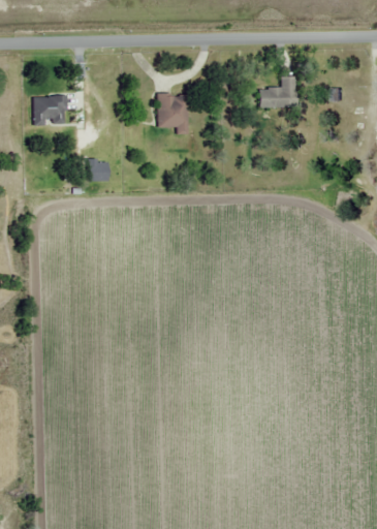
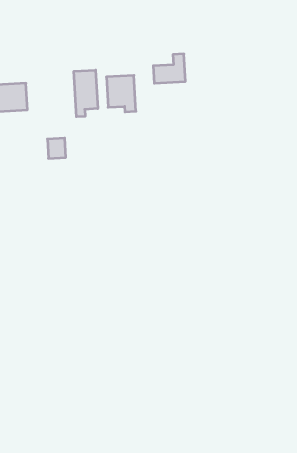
building: [259,76,294,107] -> [153,54,185,83]
building: none -> [74,70,98,117]

